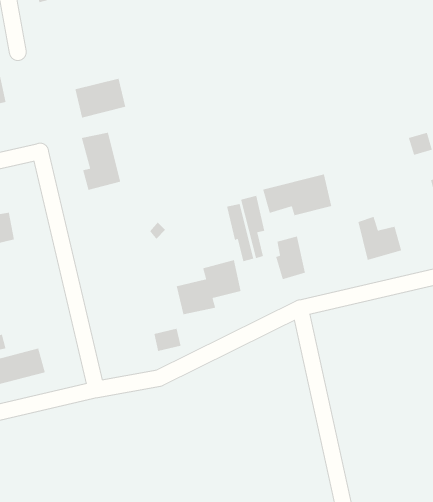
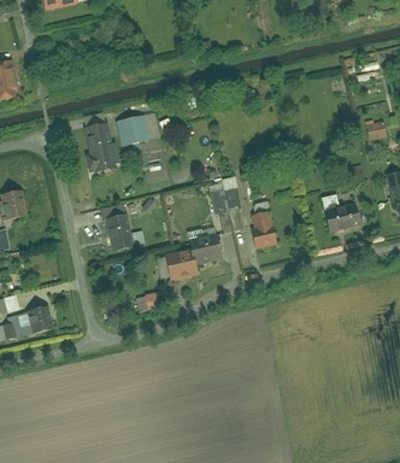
building: [74,78,126,118] -> [116,112,160,147]
building: [262,173,332,216] -> none
building: none -> [100,206,145,252]

